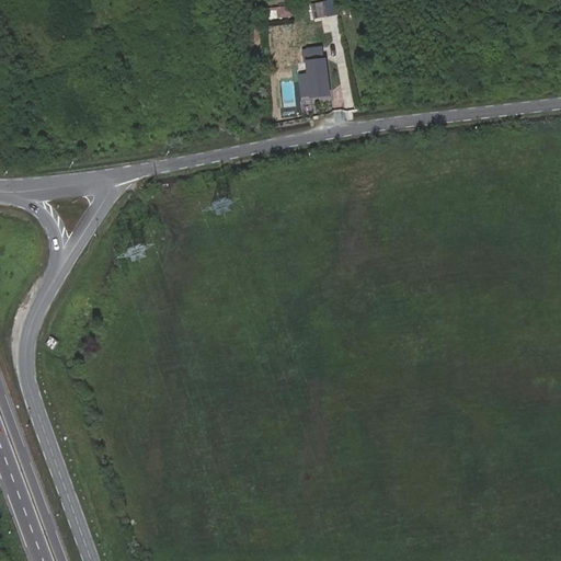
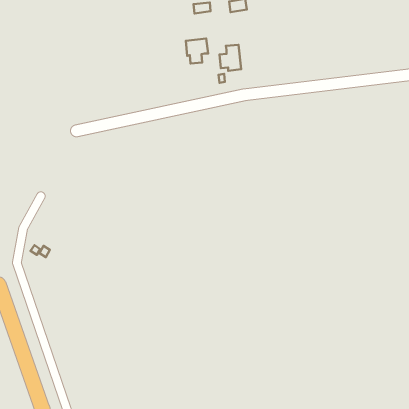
building: none -> [186,39,208,63]

